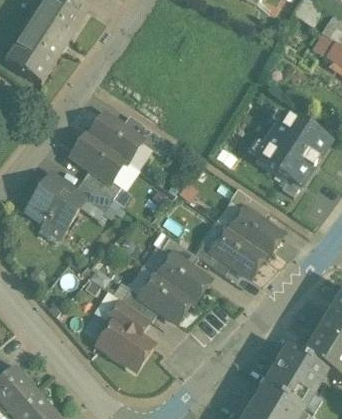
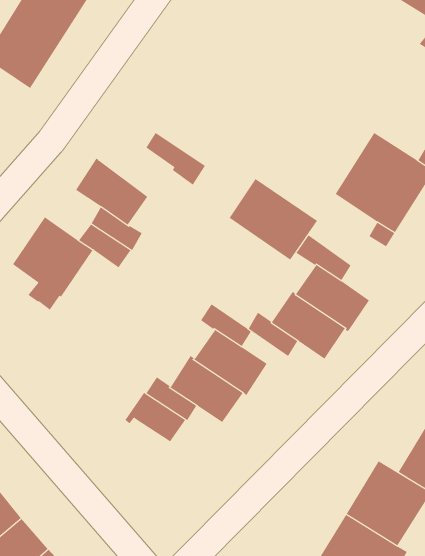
building: [87,113,140,161] -> none
building: none -> [229,178,318,261]
building: [96,318,151,368] -> none

